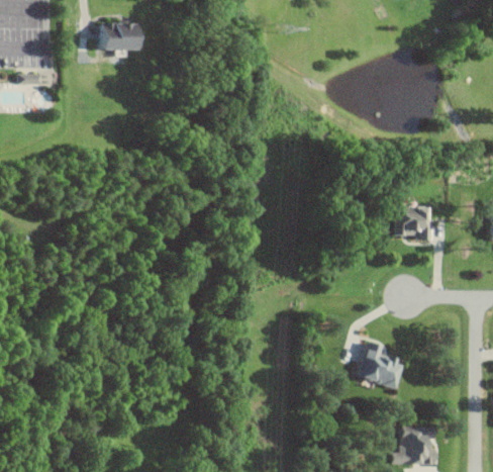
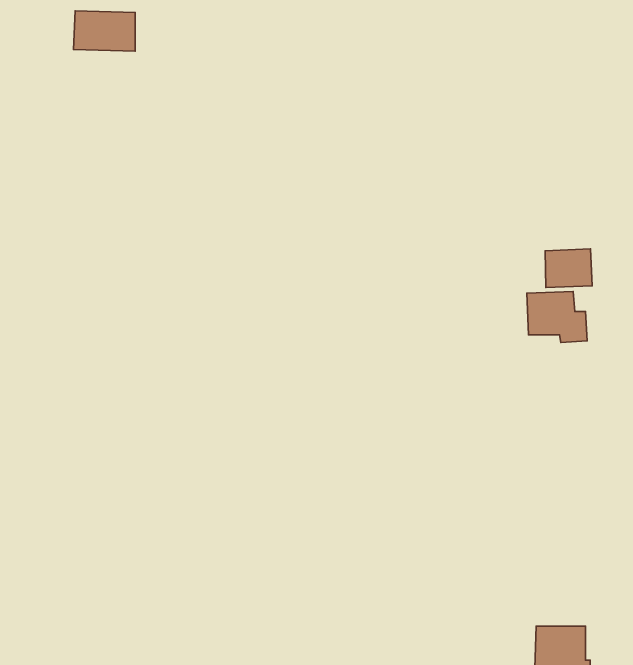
building: none -> [545,249,592,287]
building: [358,343,407,389] -> none

